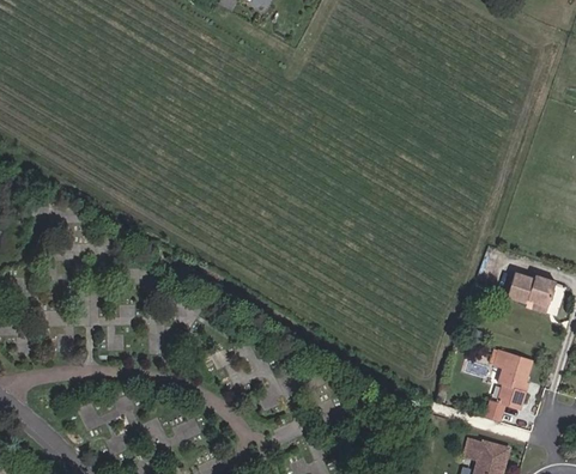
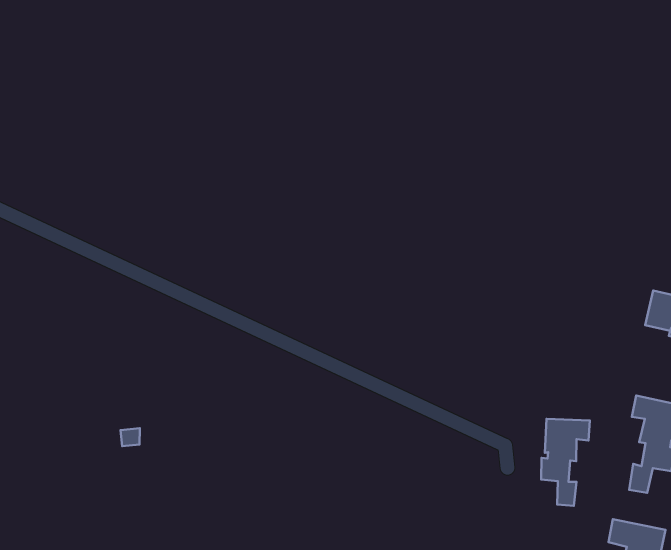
building: none -> [541,419,590,506]

